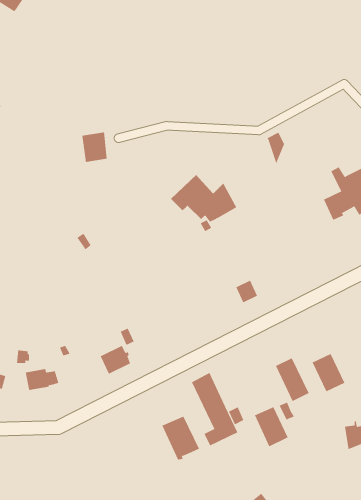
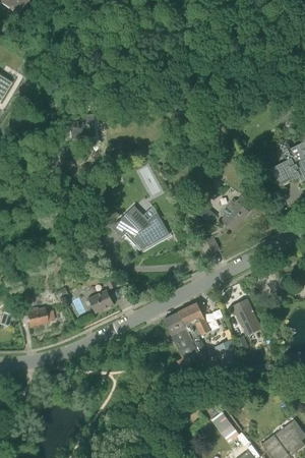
building: [170,174,238,222] -> [114,204,170,243]
building: none -> [223,194,249,228]
building: [312,353,345,392] -> none
building: [162,416,200,460] -> [179,302,210,339]

